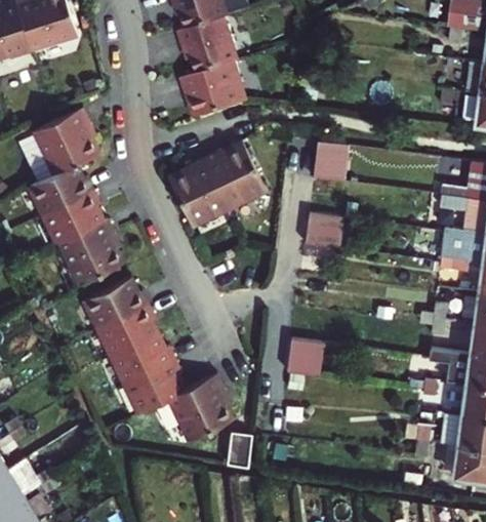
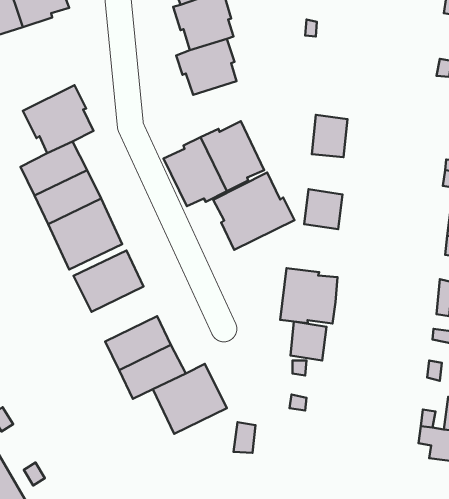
building: none -> [213,172,295,250]
building: none -> [280,268,338,323]
building: [97,305,161,358] -> none

